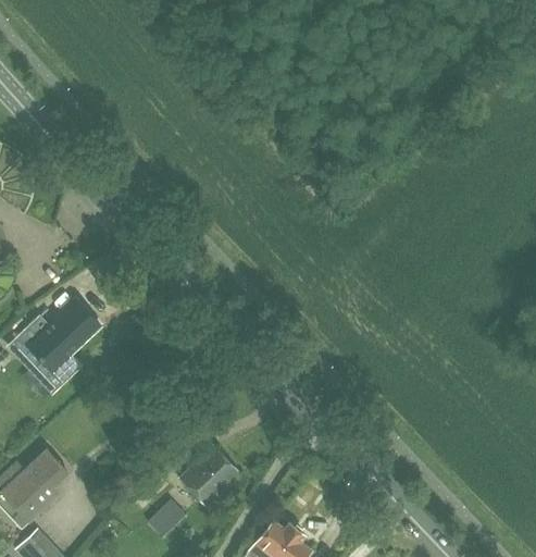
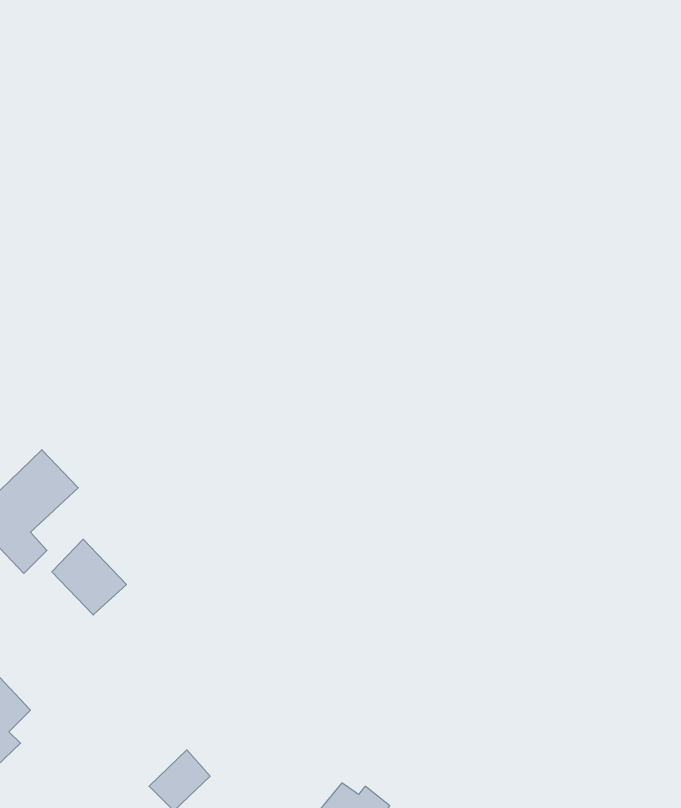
building: none -> [52,539,126,615]
building: [177,447,238,508] -> none

